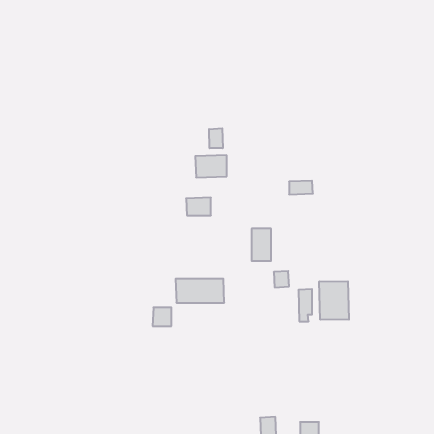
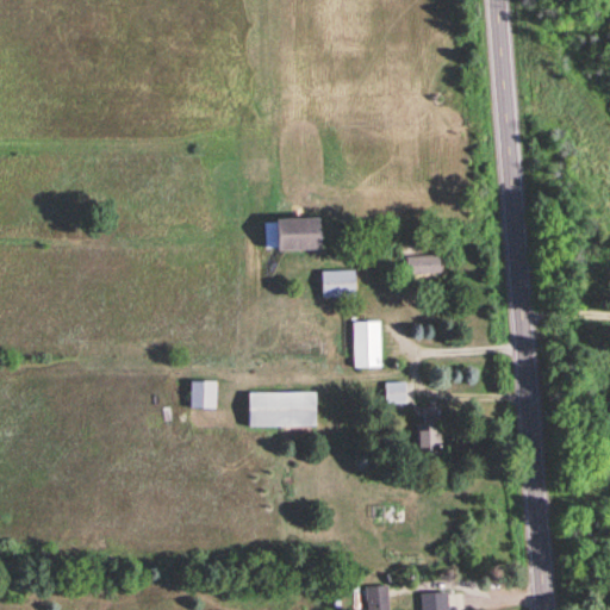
building: [209,128,223,148] -> none
building: [186,198,211,215] -> [320,269,355,294]
building: [319,281,349,320] -> none
building: [153,307,171,326] -> [189,381,216,407]

